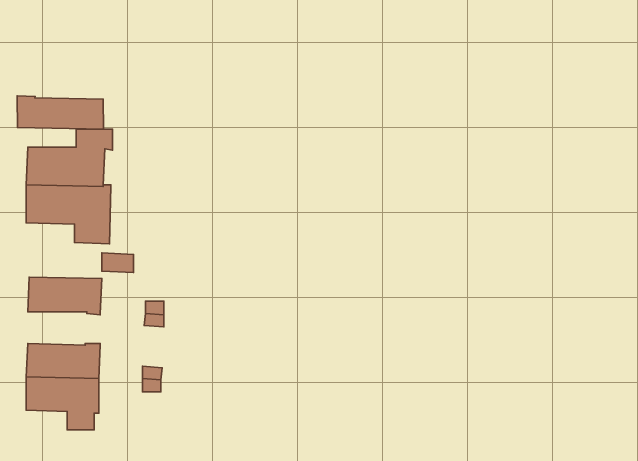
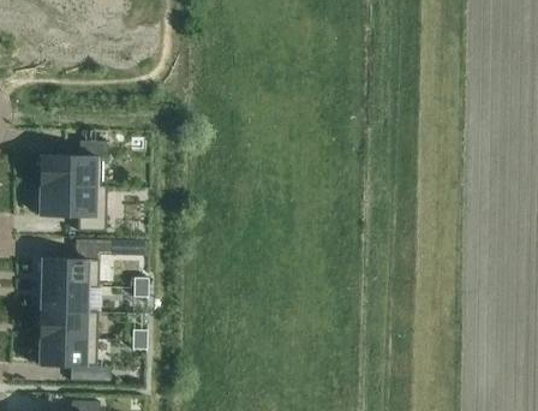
building: [17,96,103,129] -> none
building: none -> [40,285,86,311]

